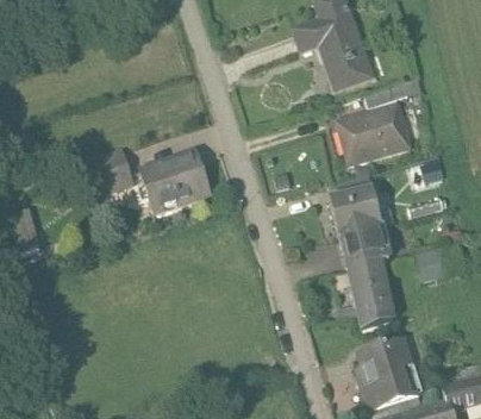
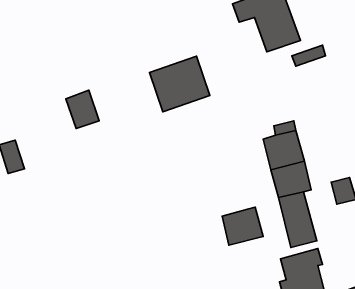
building: [342,108,414,168] -> none
building: [132,138,207,207] -> [149,56,210,112]
building: none -> [222,207,263,245]

